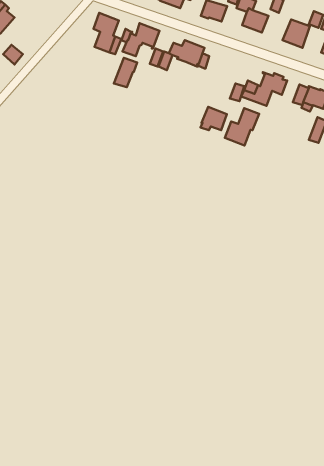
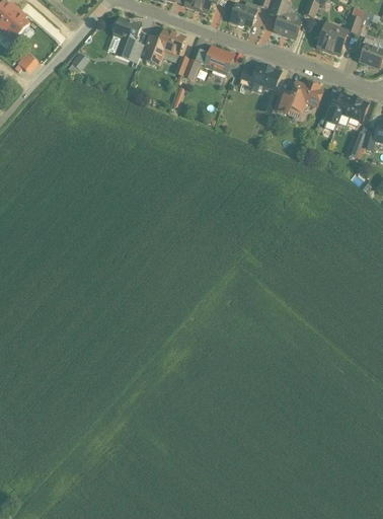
building: [114,58,137,87] -> none
building: [201,107,227,130] -> [251,63,280,88]
building: [225,108,259,145] -> none

